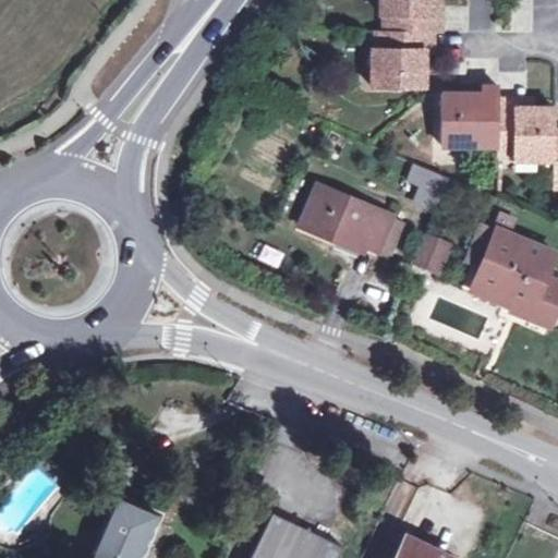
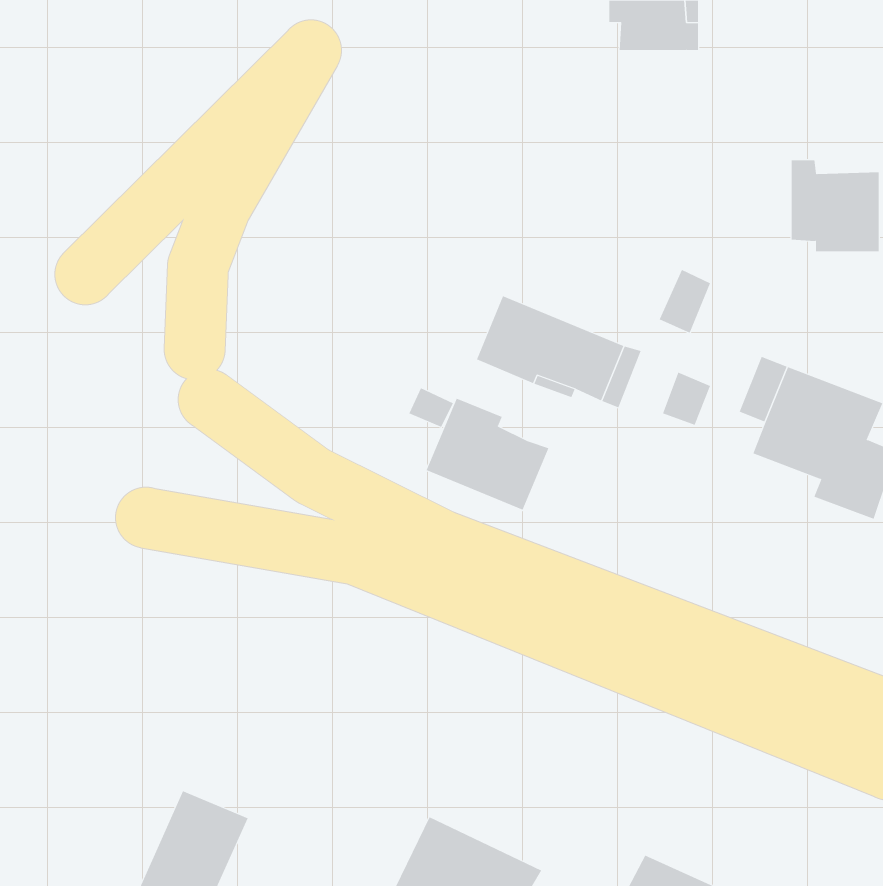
building: [375,33,434,89] -> none
building: [442,87,499,146] -> none
building: none -> [426,398,549,511]

